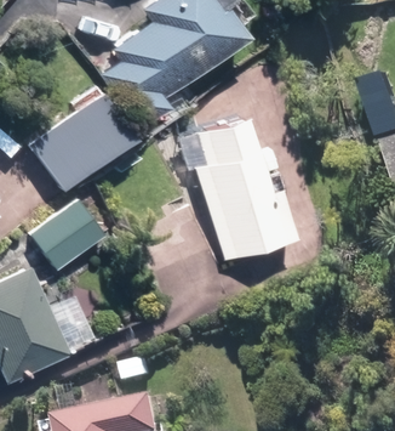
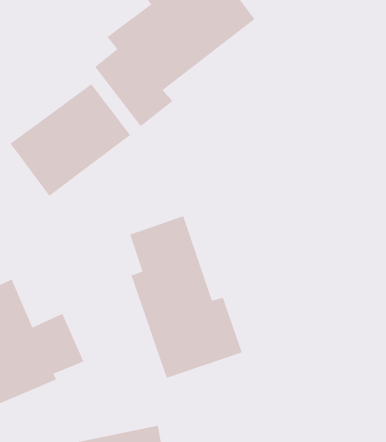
building: [184,112,285,257] -> [129,215,243,379]
building: [24,197,97,267] -> none

